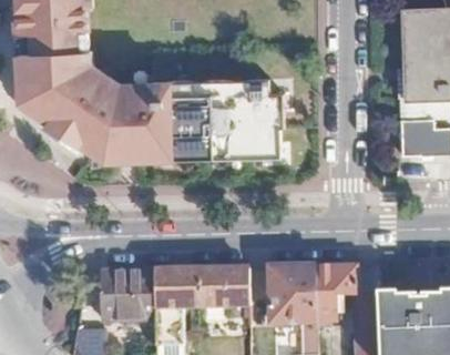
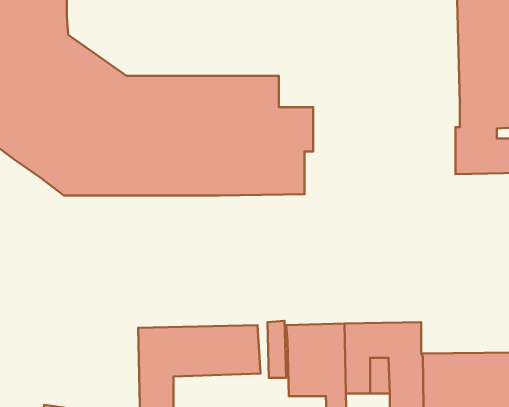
building: [101,268,154,320] -> none

